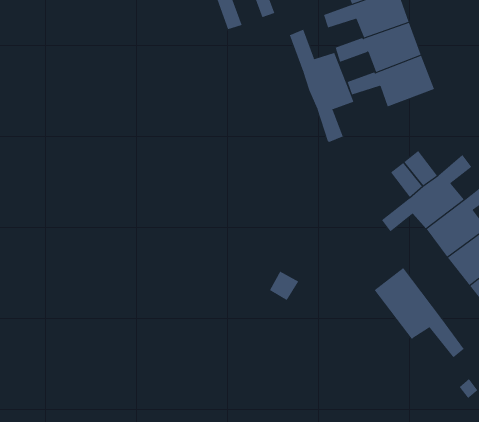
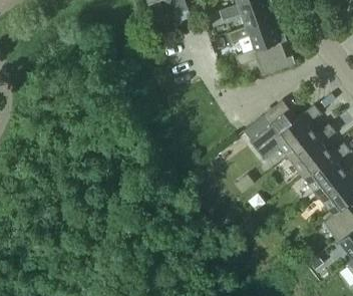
building: [289,29,354,143] -> none
building: none -> [245,118,277,151]
building: [374,267,465,358] -> none

